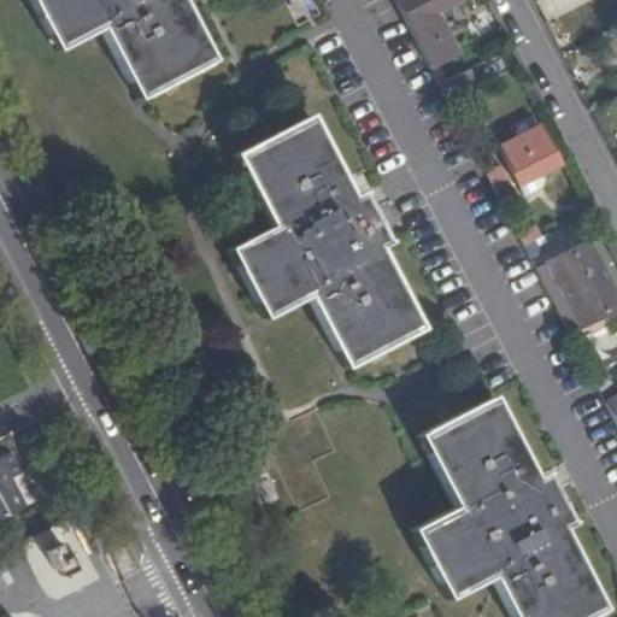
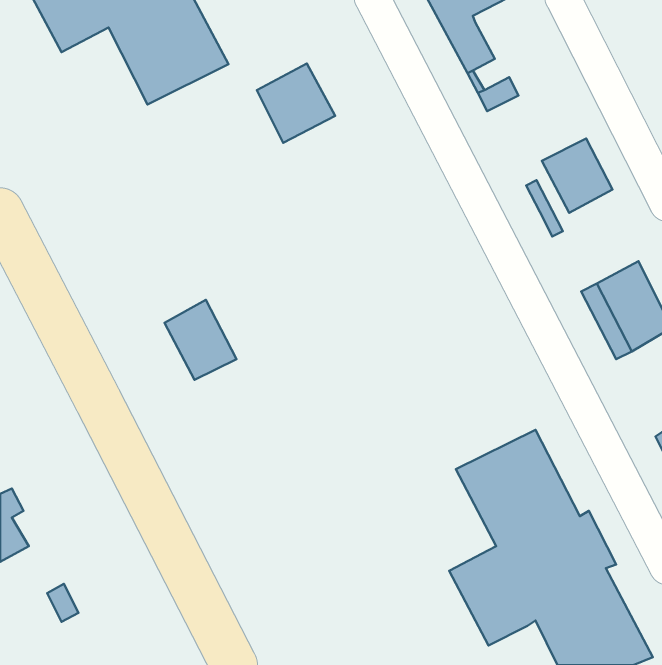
building: none -> [257,64,335,143]
building: [235,114,422,364] -> none
building: none -> [164,300,237,380]

